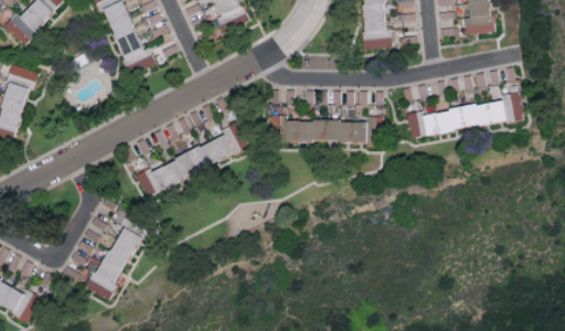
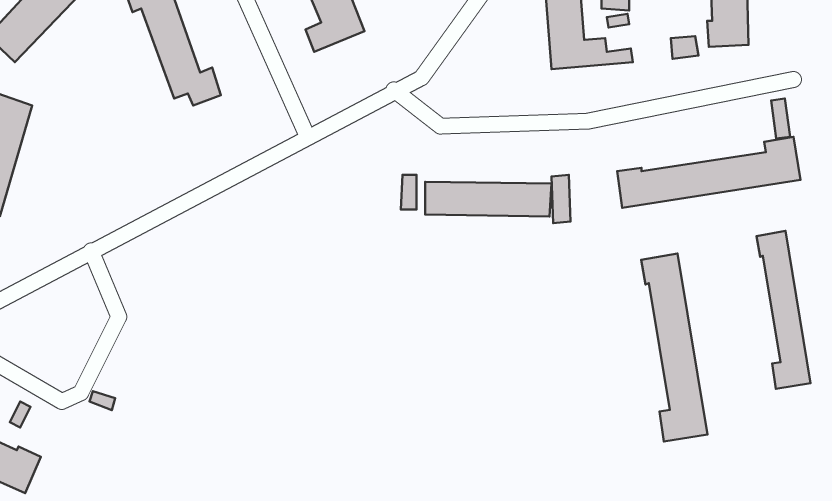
building: [136,124,246,195] -> none
building: none -> [757,231,810,389]
building: none -> [641,253,707,442]
building: [88,226,139,300] -> none

